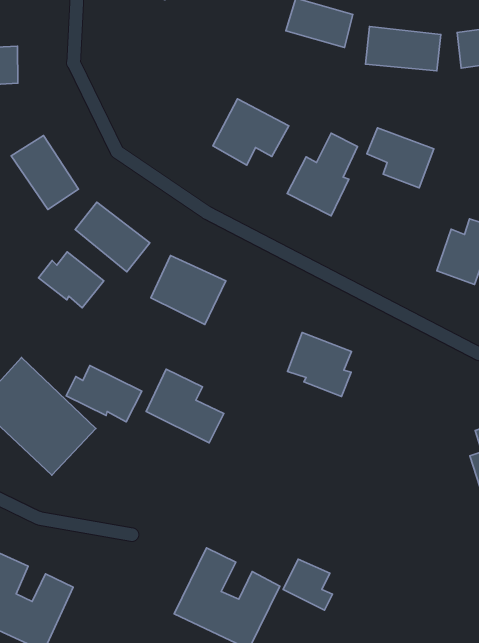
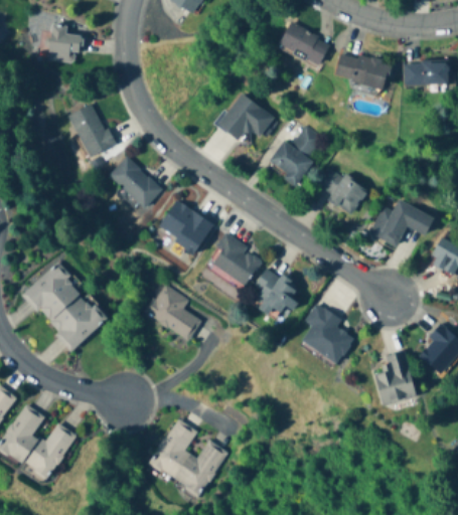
building: [367,128,434,188] -> [317,168,366,215]
building: [38,252,104,308] -> none
building: none -> [207,234,263,287]
building: [66,366,142,422] -> none
building: none -> [302,304,354,364]
building: [283,559,333,610] -> none

